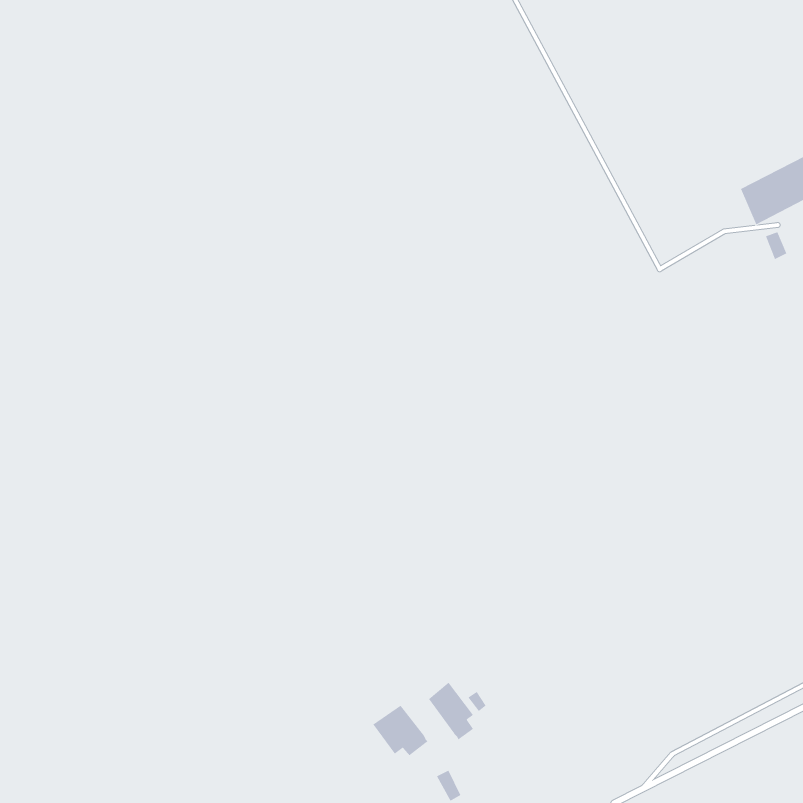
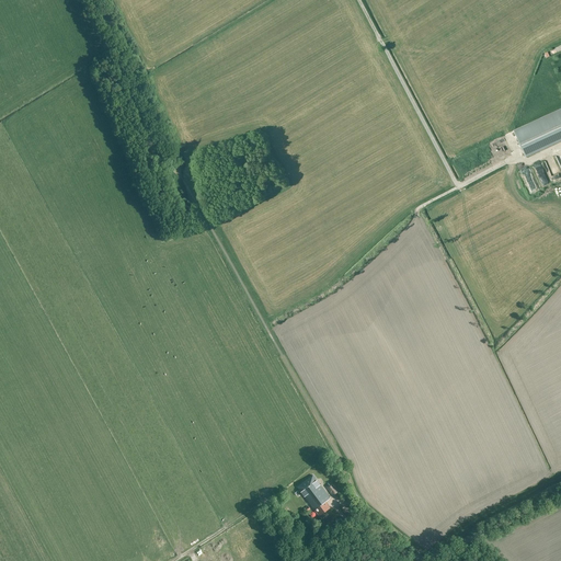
building: [373,705,429,756] -> none

